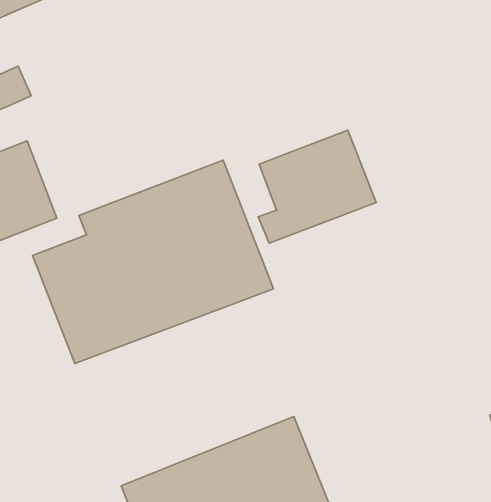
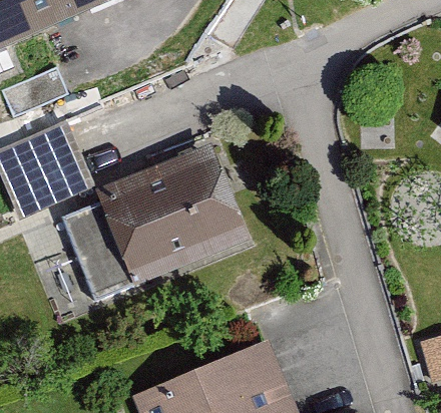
building: [258,130,376,243] -> none

